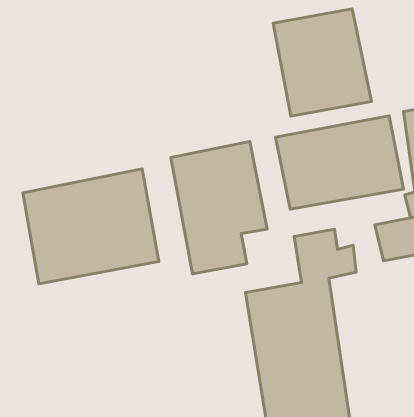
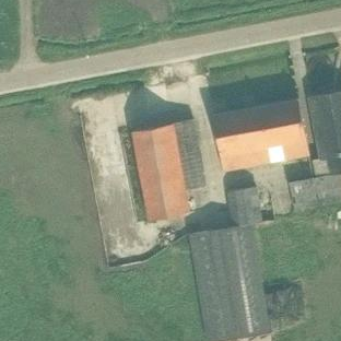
building: [273,9,371,116] -> none
building: [23,169,159,284] -> none

